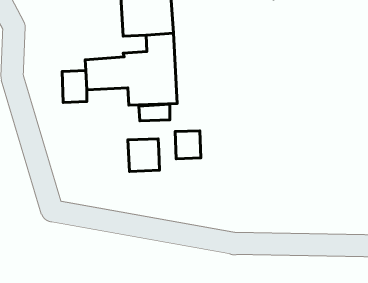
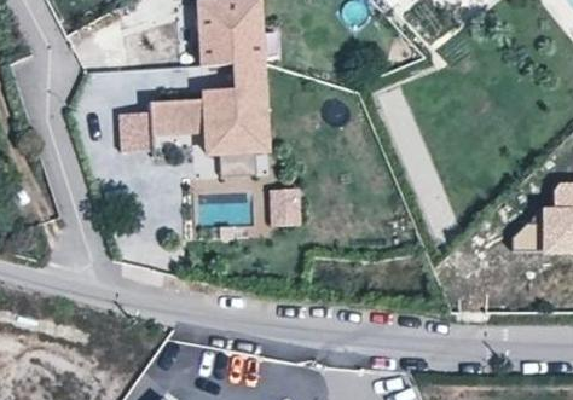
building: [128,139,159,171] -> none

